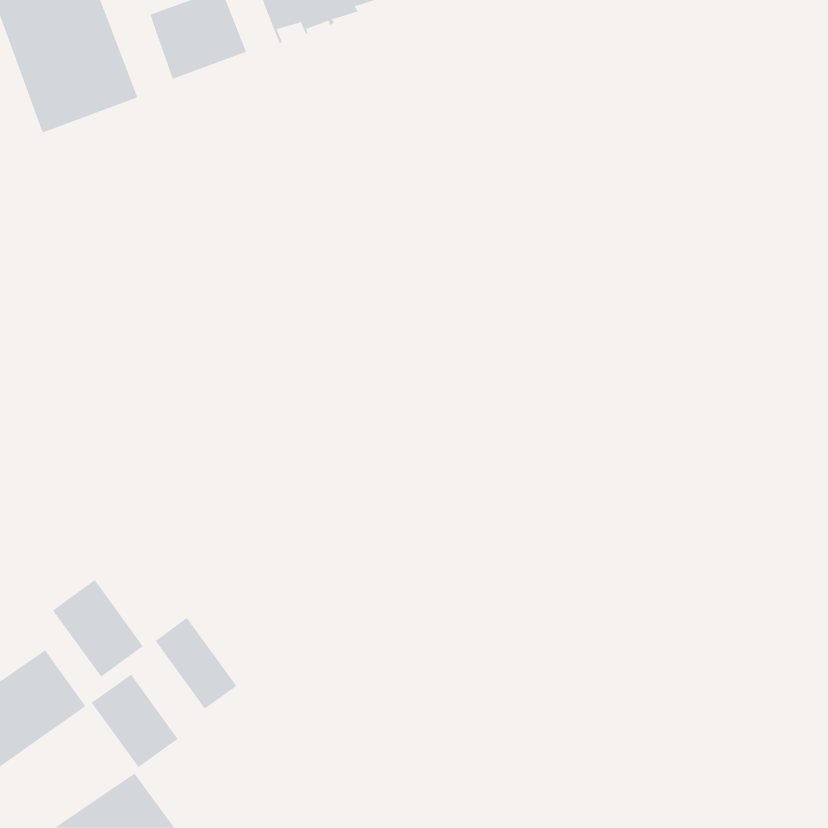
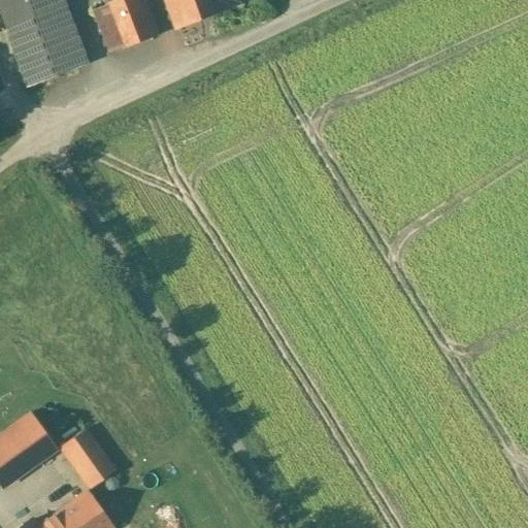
building: [52,579,144,678] -> none
building: [155,617,237,710] -> none

